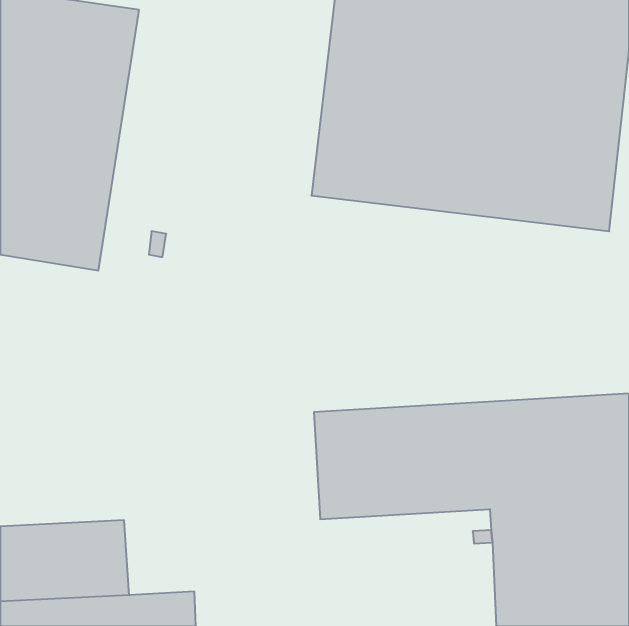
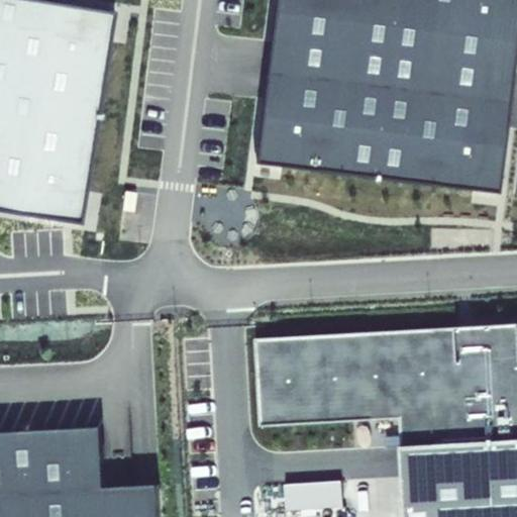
building: none -> [288,482,344,509]

